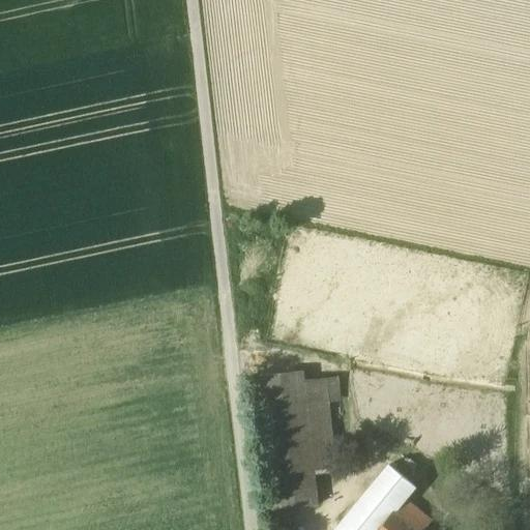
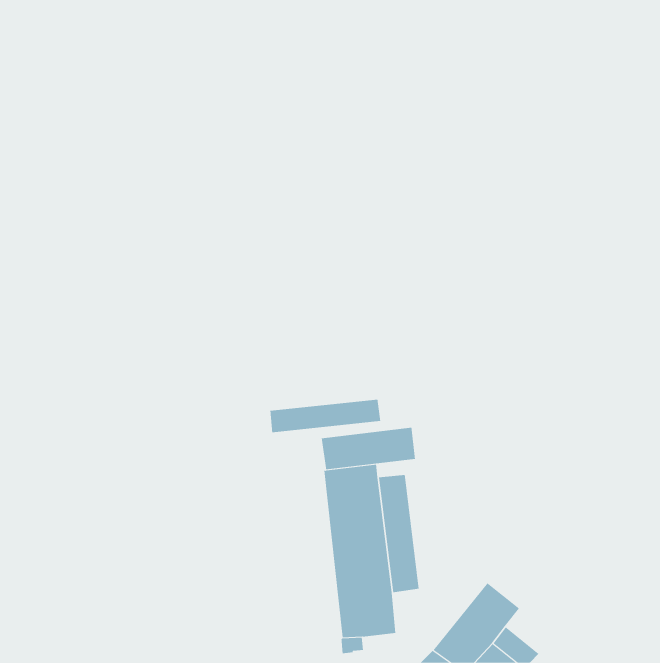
building: none -> [270,399,381,433]
building: none -> [321,427,415,470]

